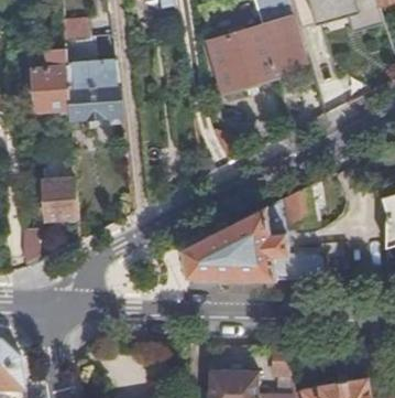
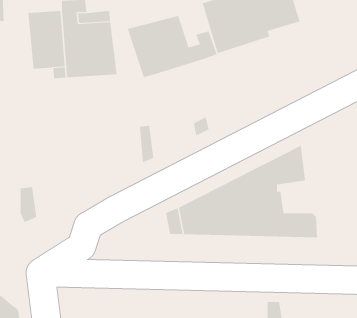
building: none -> [127,15,217,78]
building: [43,166,77,218] -> none

